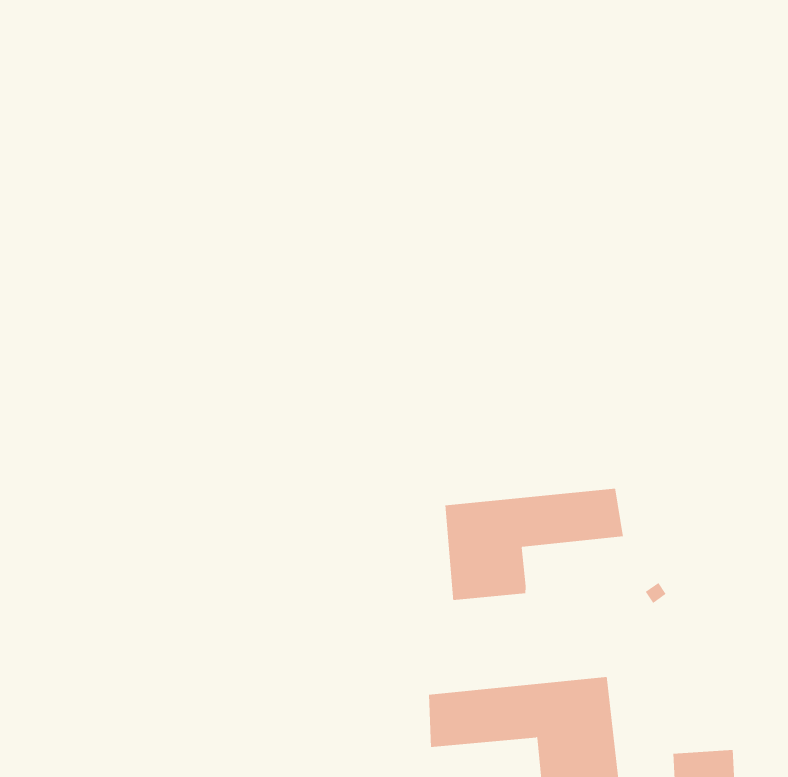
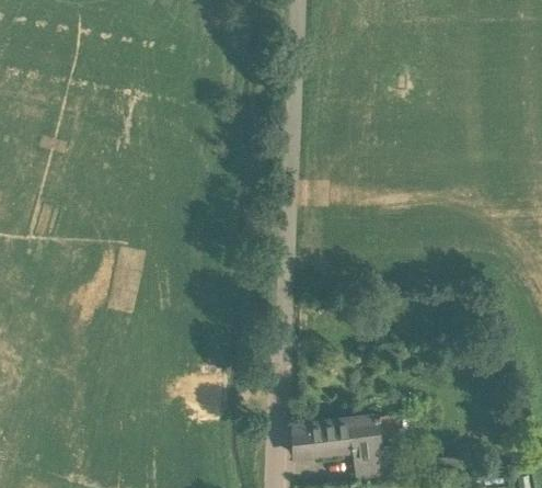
building: [445,488,623,601] -> none

